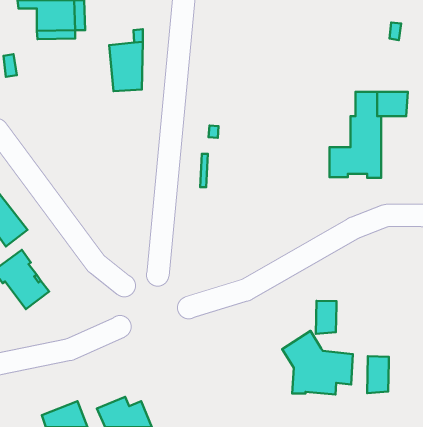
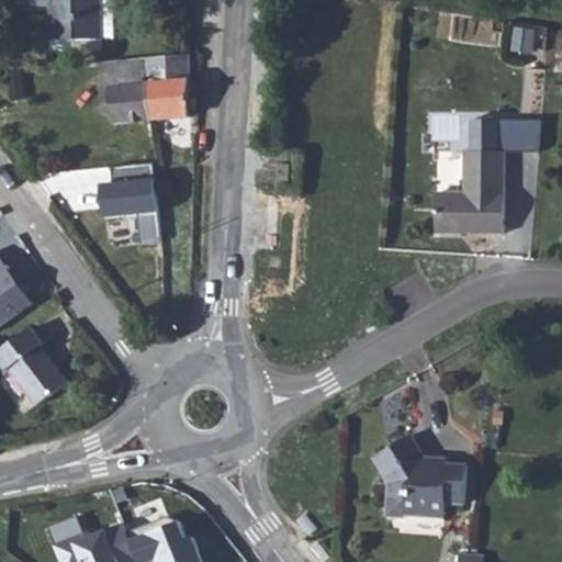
building: none -> [99,59,149,124]
building: none -> [101,164,160,239]
building: [316,301,337,334] -> none
building: [367,356,389,393] -> none

